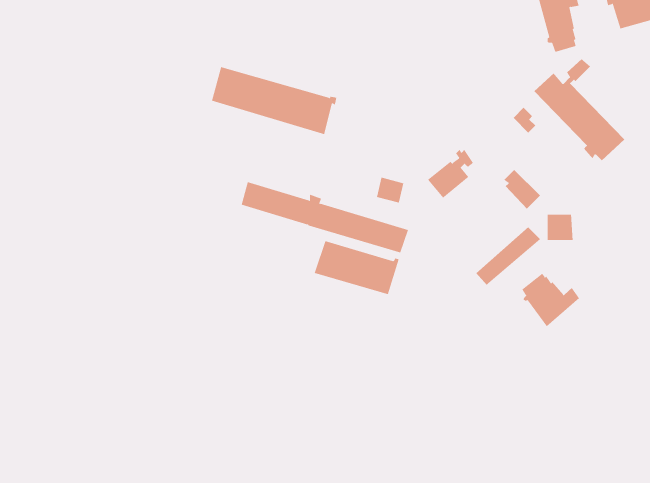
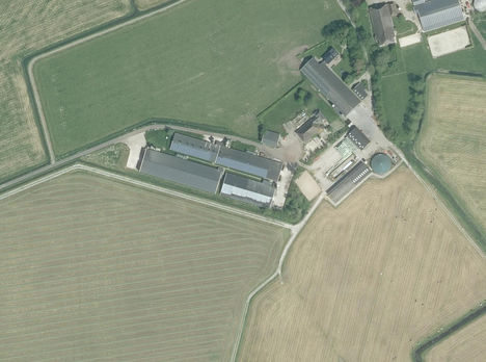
building: [533,59,625,161] -> [299,48,360,117]
building: [211,67,337,135] -> [138,148,222,193]
building: [522,273,580,327] -> none

